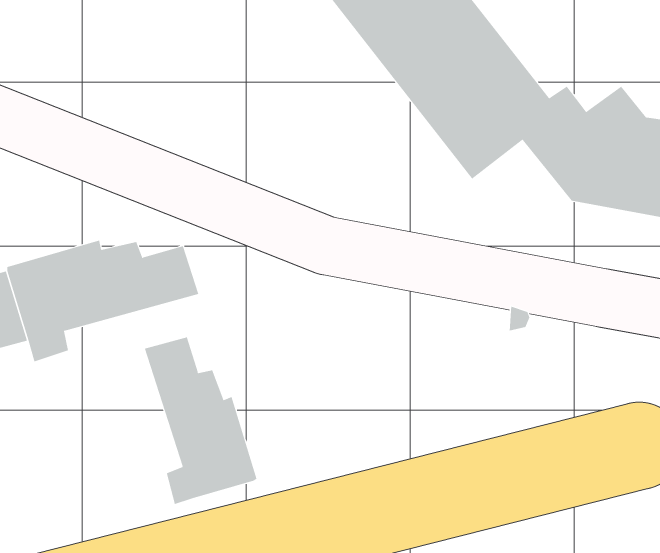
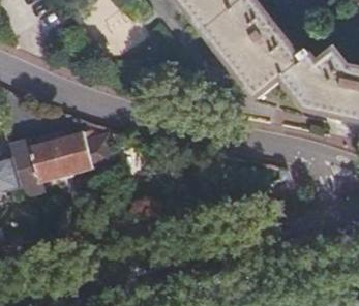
building: [144,336,257,505] -> none

